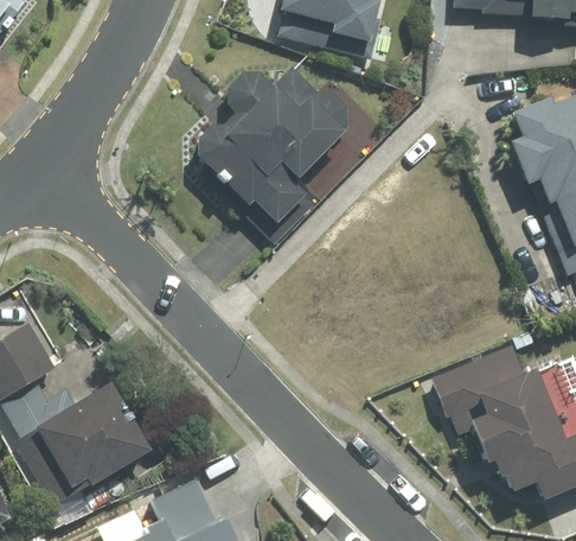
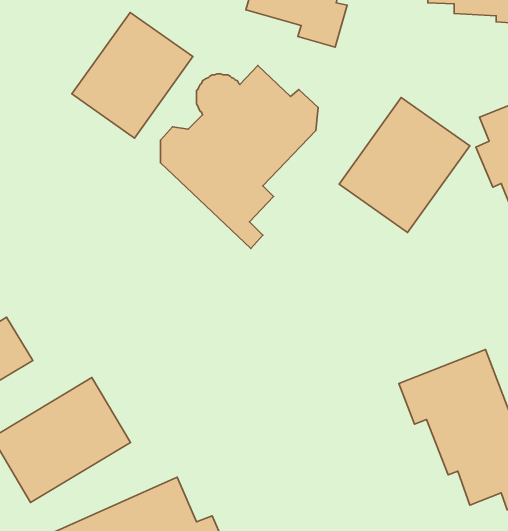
building: none -> [72,12,193,138]
building: none -> [339,97,470,233]

